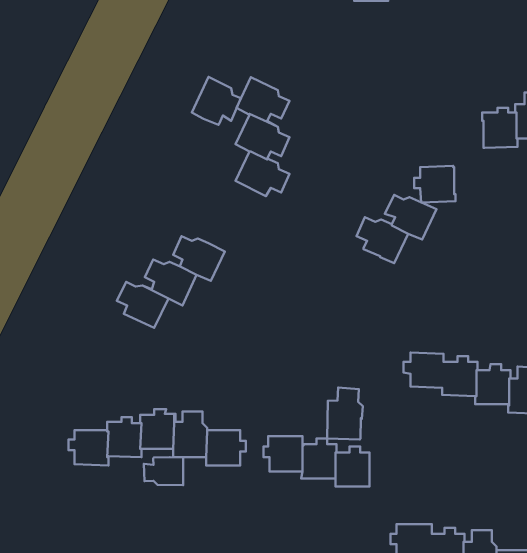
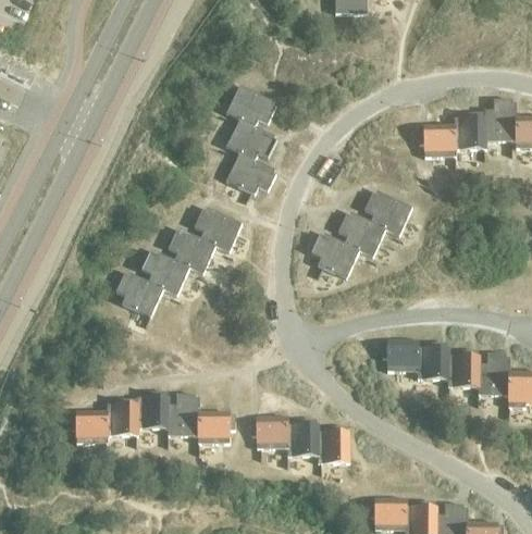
building: [192,77,241,125] -> none
building: [414,166,455,202] -> [418,123,456,157]
building: none -> [194,209,242,251]
building: none -> [311,235,359,277]
building: [327,388,363,440] -> none
building: [144,457,183,485] -> none

